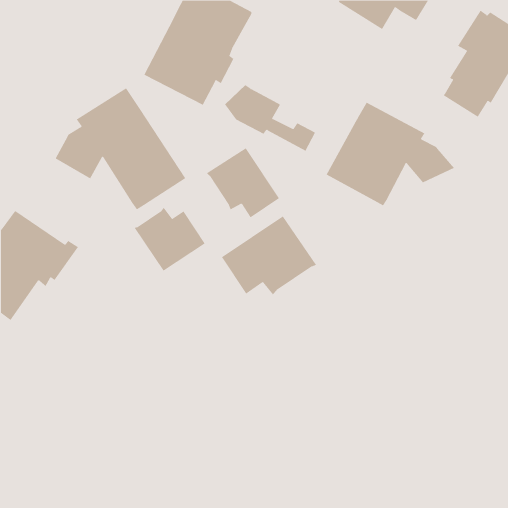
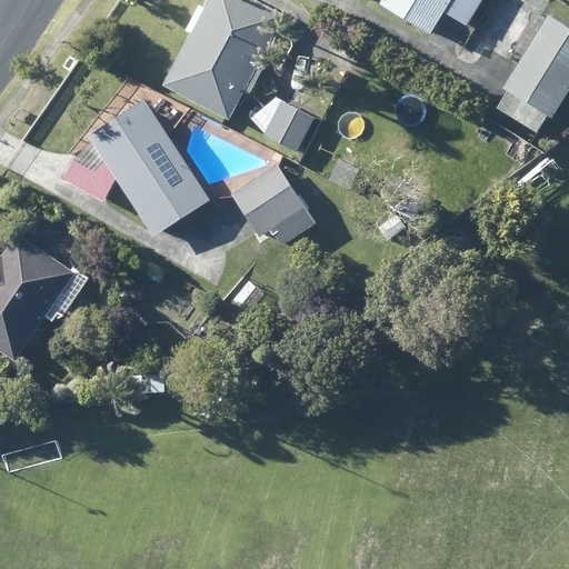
building: [326,102,455,206] -> none
building: [134,207,205,272] -> none
building: [221,216,317,295] -> none

